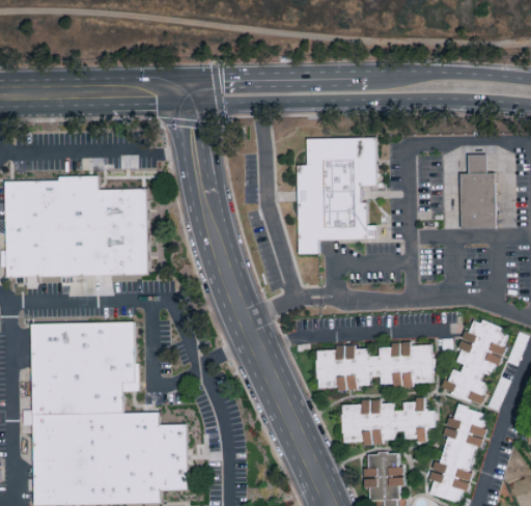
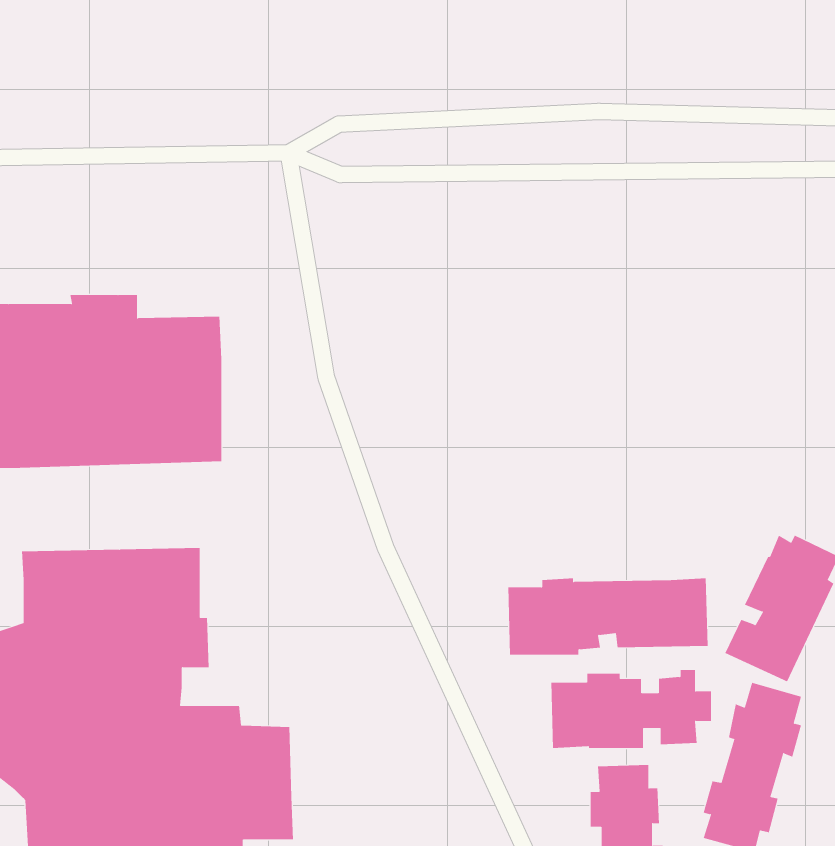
building: [297,135,376,252] -> none
building: [459,152,495,226] -> none

